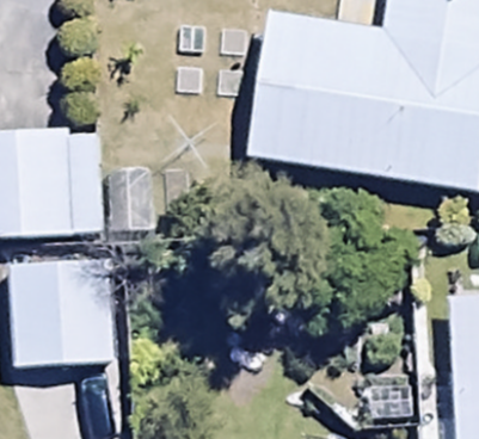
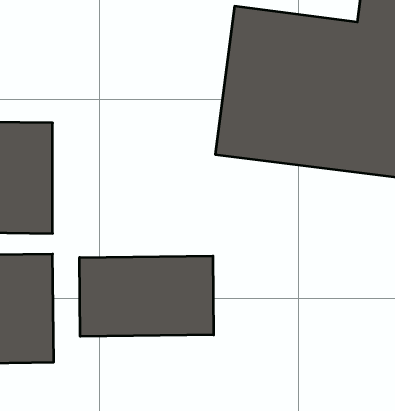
building: none -> [80,256,214,336]

